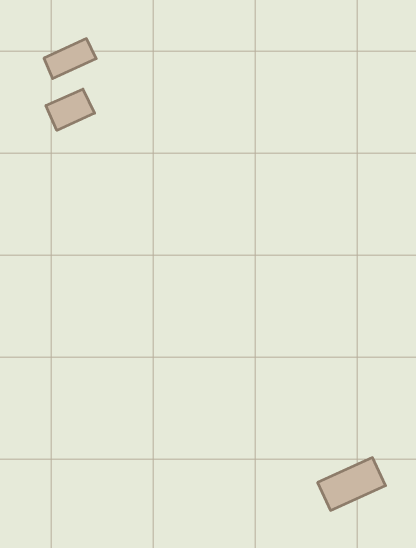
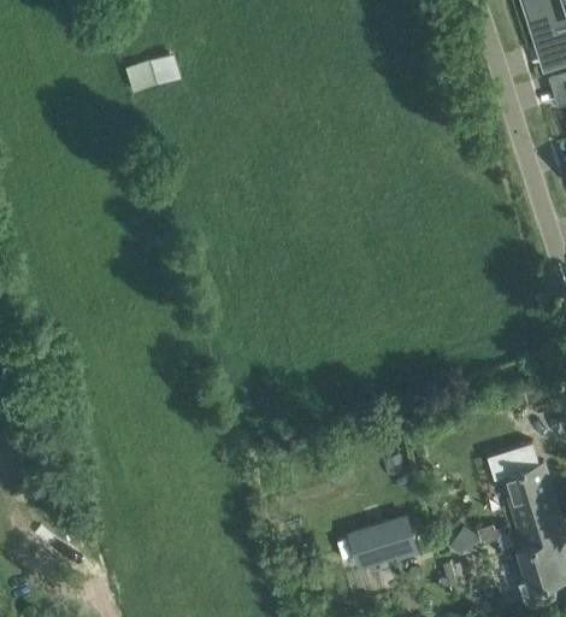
building: [46,89,95,130] -> none

